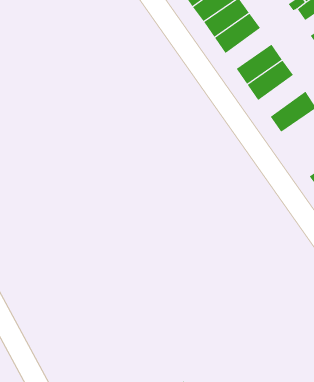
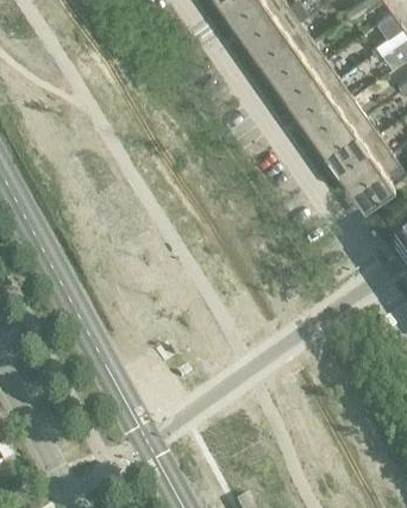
building: none -> [295,77,351,126]
building: none -> [334,133,392,183]

